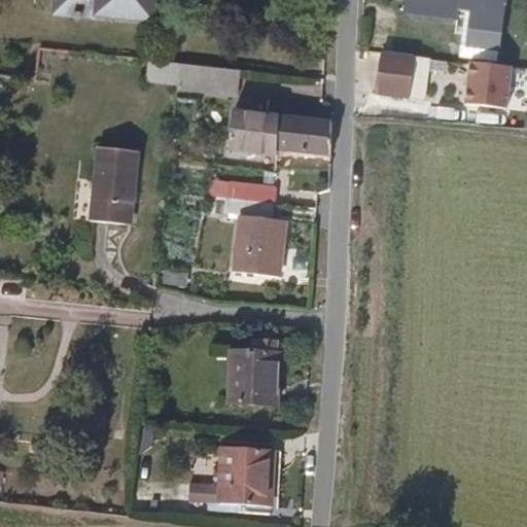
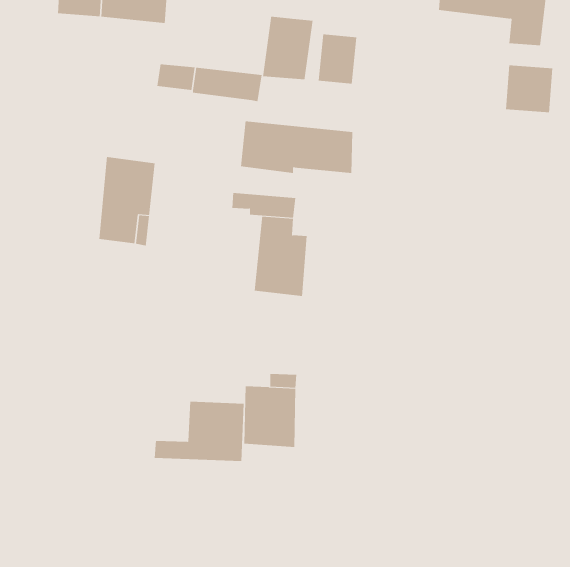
building: none -> [262,16,313,80]
building: [378,47,414,94] -> [318,34,357,84]
building: [194,448,277,503] -> [154,401,244,462]

